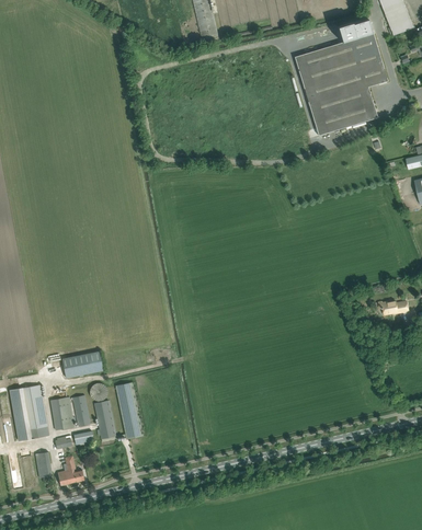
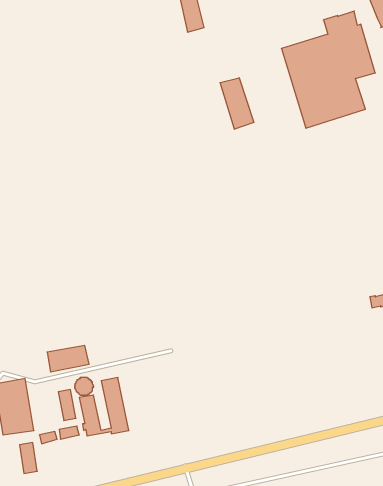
building: none -> [220,78,254,129]
building: [52,396,75,430] -> none
building: [58,453,84,485] -> none

